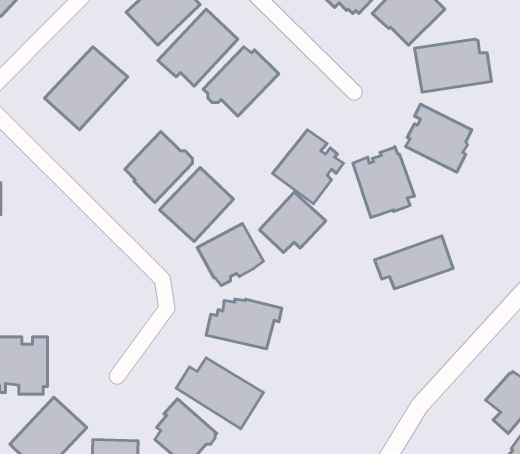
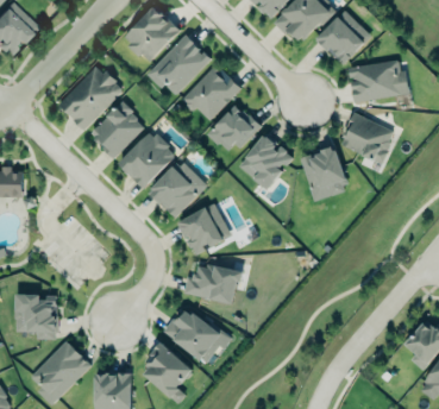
building: none -> [89,100,144,157]
building: [259,192,326,253] -> [207,105,259,152]
building: [375,236,453,289] -> none

